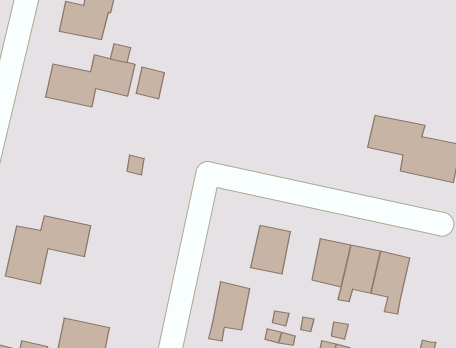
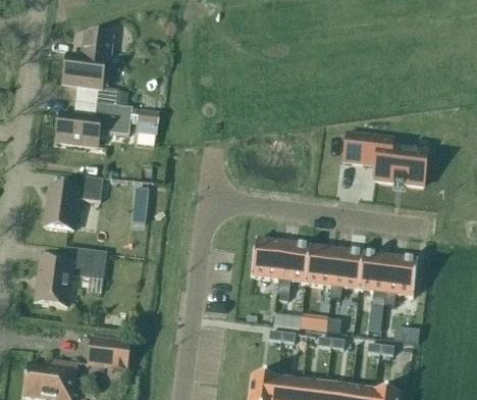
building: none -> [46,173,104,230]
building: none -> [384,255,418,305]
building: [209,282,250,341] -> [277,241,310,293]

